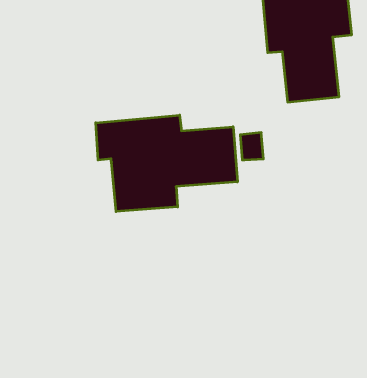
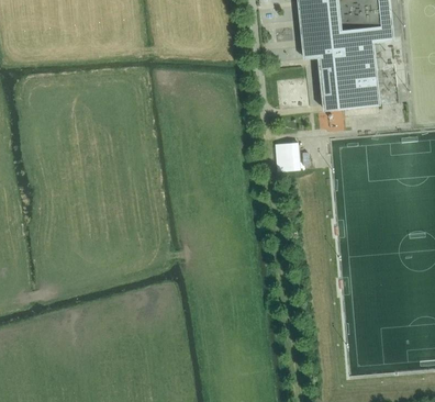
building: [96,115,237,212] -> none

